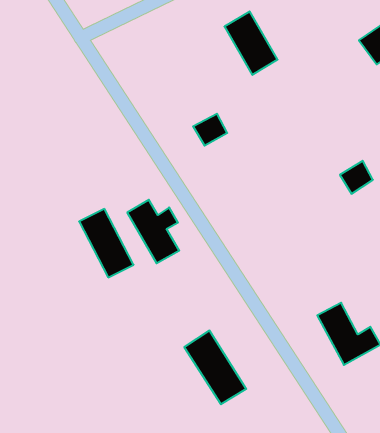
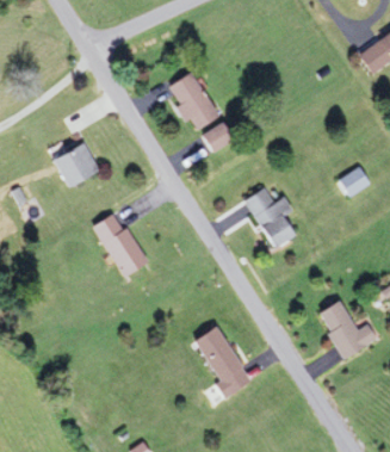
building: [224,11,278,75] -> [168,72,218,131]
building: none -> [52,142,99,187]
building: [127,200,179,263] -> [246,188,295,248]

